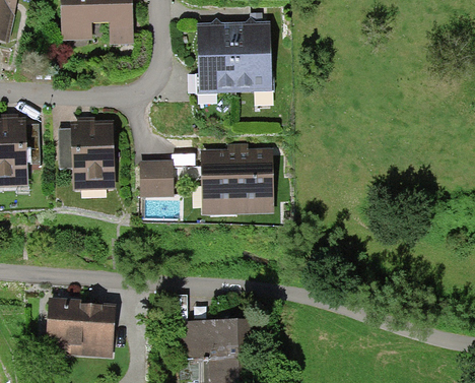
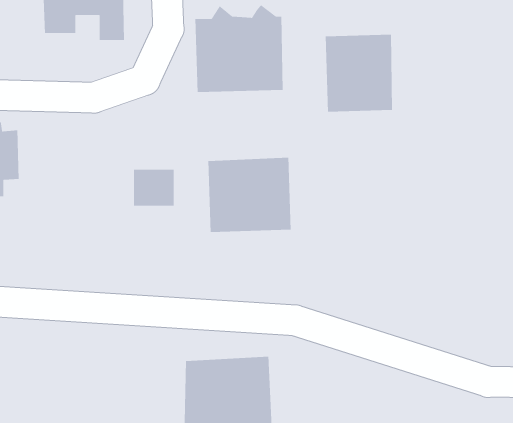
building: none -> [325,34,393,112]
building: [60,118,113,187] -> none
building: [46,300,118,357] -> none

